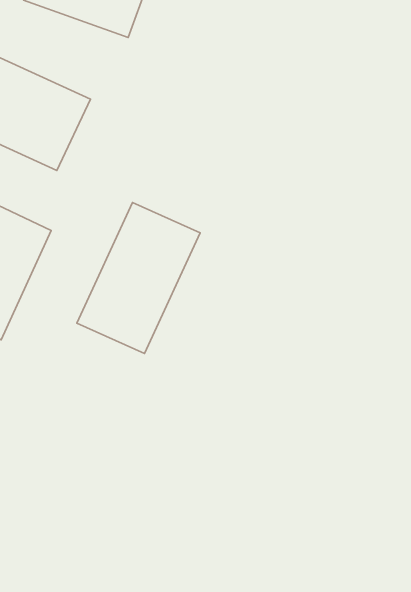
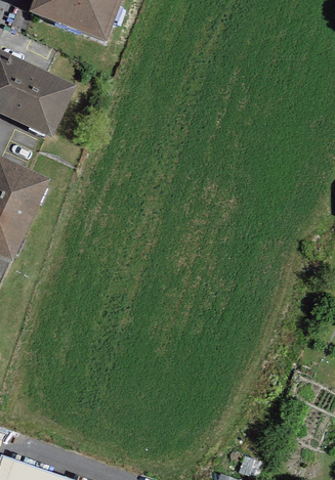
building: [77,203,200,353] -> none

